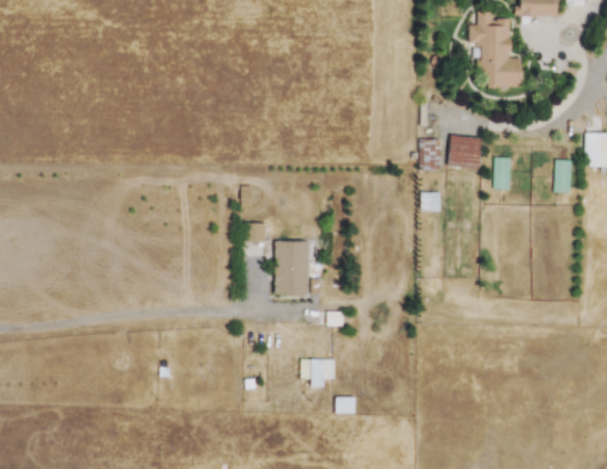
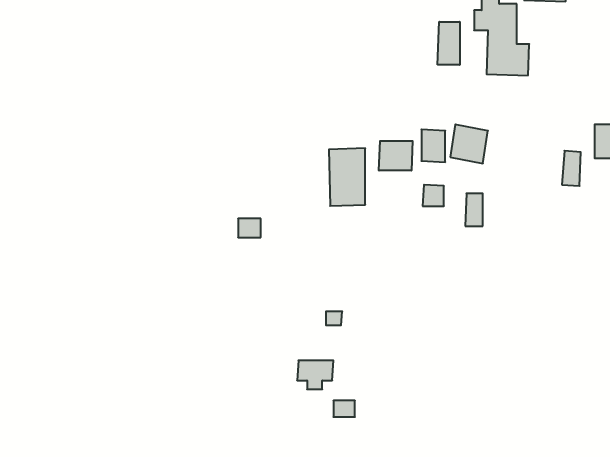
building: none -> [438,22,460,65]
building: none -> [379,141,413,171]
building: [494,157,511,188] -> [465,193,483,226]
building: [275,240,309,295] -> [329,148,365,206]

